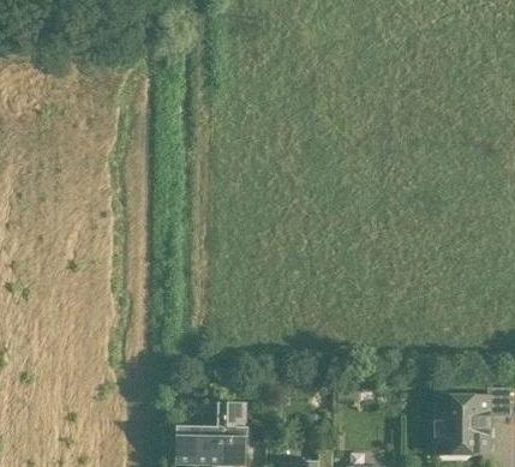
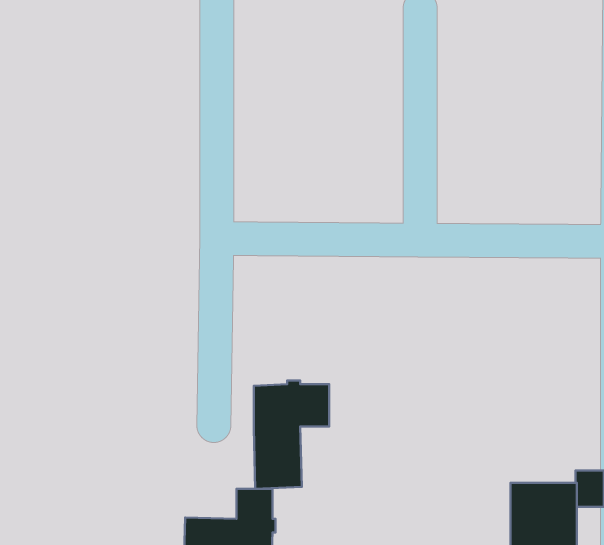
building: none -> [254,381,329,489]

